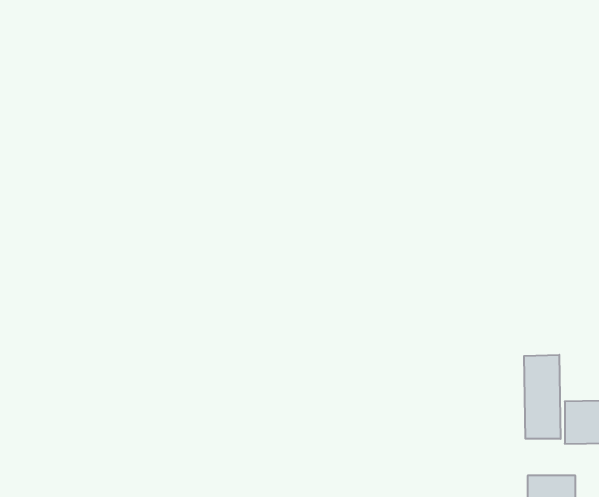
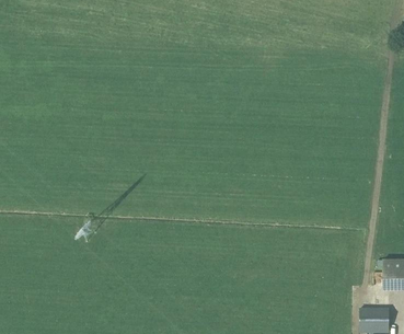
building: [524,355,561,439] -> none

